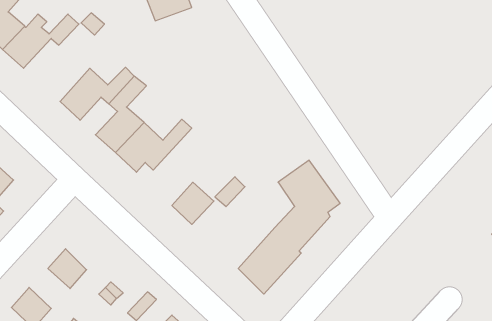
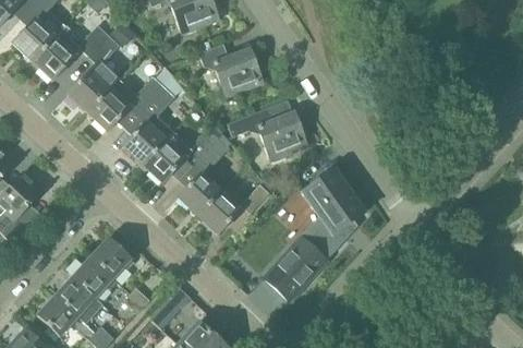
building: none -> [69,36,118,112]
building: none -> [198,45,263,97]
building: none -> [227,108,306,160]
building: none -> [179,139,227,215]
building: none -> [94,240,132,278]
building: none -> [44,264,98,316]

